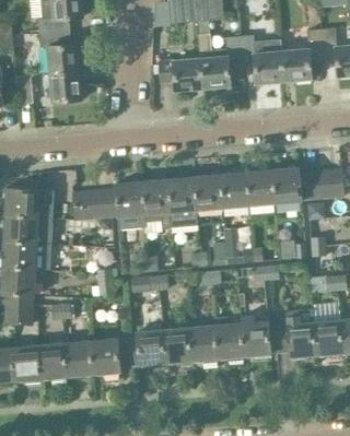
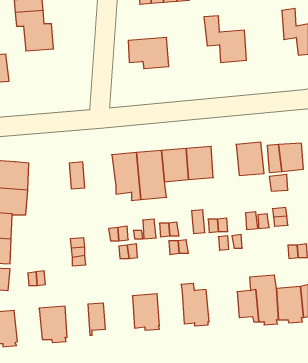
building: [280,30,322,82] -> none
building: [198,36,241,89] -> none
building: [49,70,81,101] -> none
building: [245,170,275,205] -> none
building: [114,181,144,216] -> none
building: [71,190,97,220] -> none
building: [240,316,270,360] -> none
building: [188,326,217,364] -> none
building: [135,330,164,368] -> none
building: [91,339,118,377] -> none
building: [37,343,67,381] -> none

